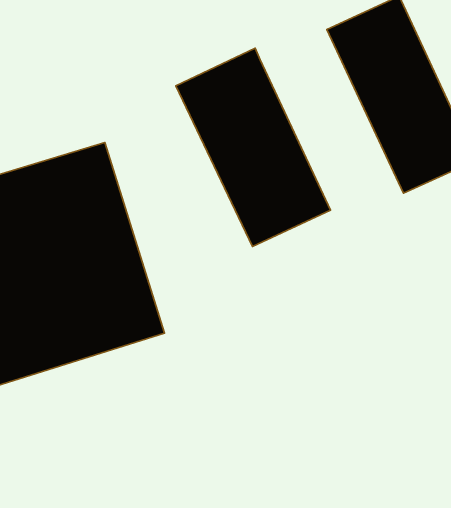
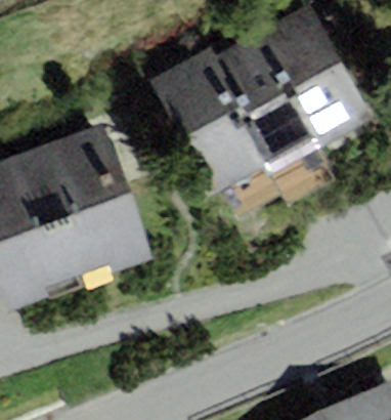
building: none -> [211,33,320,174]

